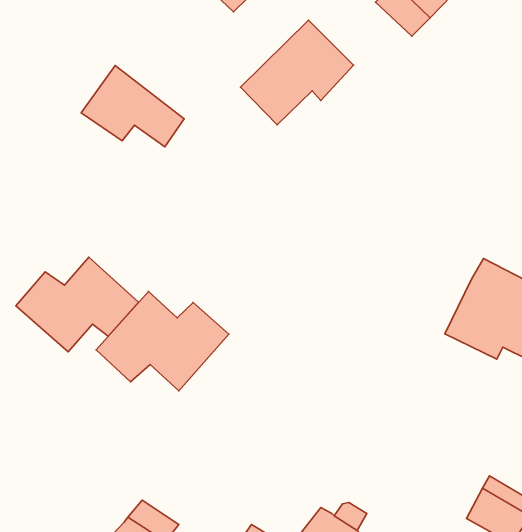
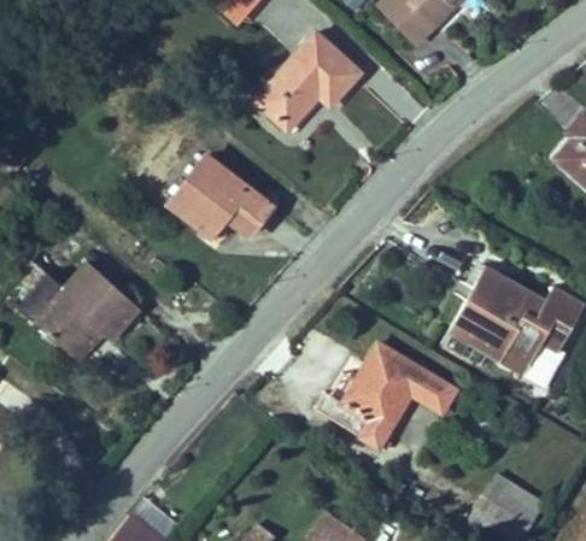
building: [81,65,184,147] -> [170,158,273,239]
building: [96,292,229,391] -> none
building: none -> [311,341,451,447]

